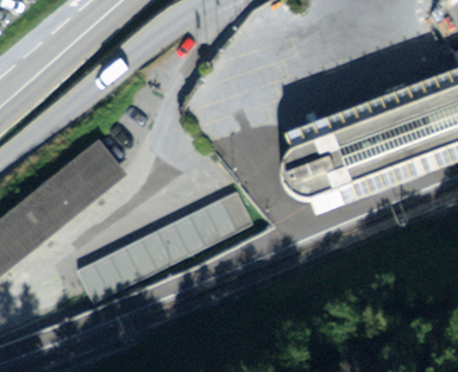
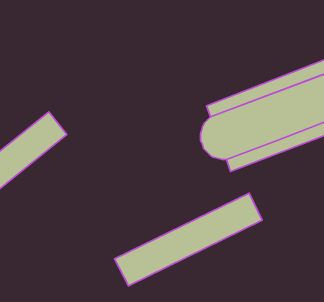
building: [79,190,255,301] -> [115,193,262,286]

